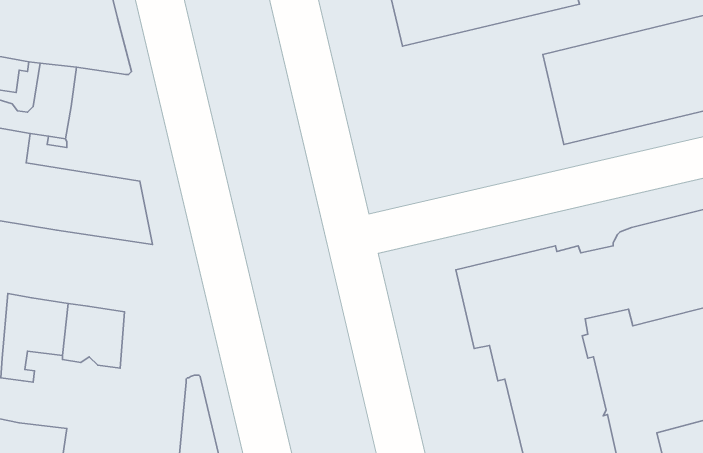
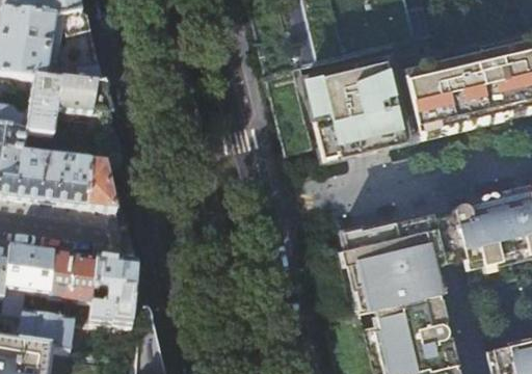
building: none -> [304,59,403,159]
building: none -> [55,79,96,113]
building: none -> [89,260,133,328]
building: none -> [17,311,74,349]

